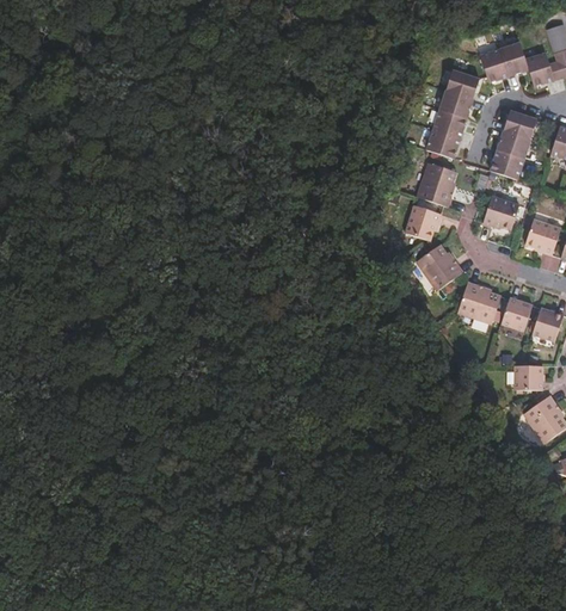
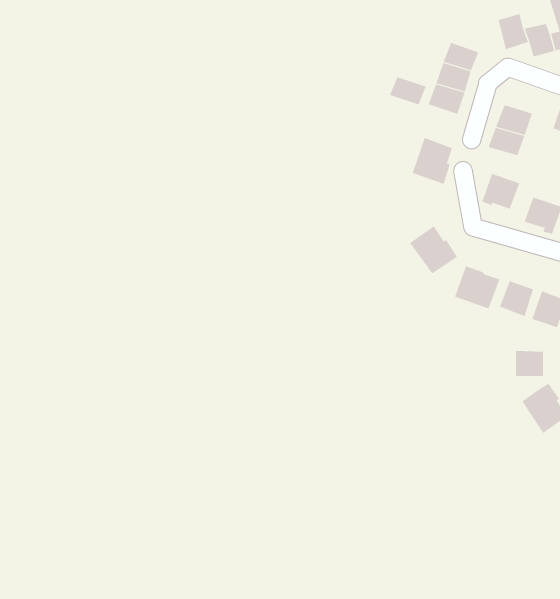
building: [481,48,506,81] -> none
building: [505,109,539,137] -> none
building: [425,129,461,156] -> [389,76,427,105]
building: [404,204,441,241] -> none

